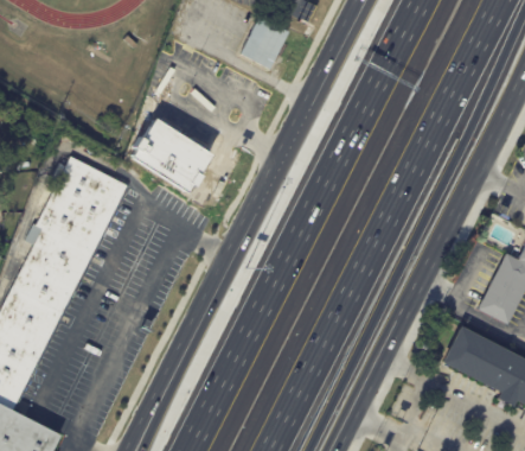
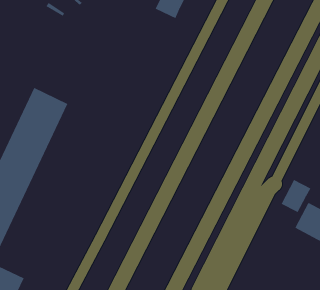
building: [136,116,217,192] -> none
building: none -> [281,179,311,213]

